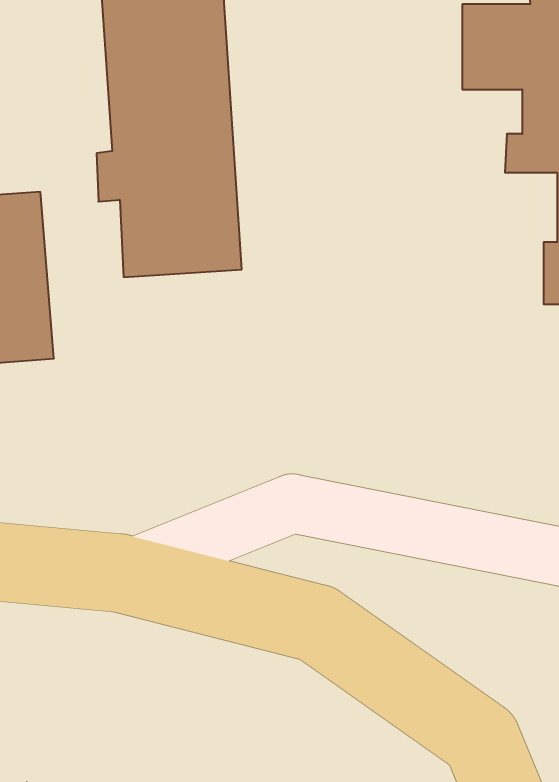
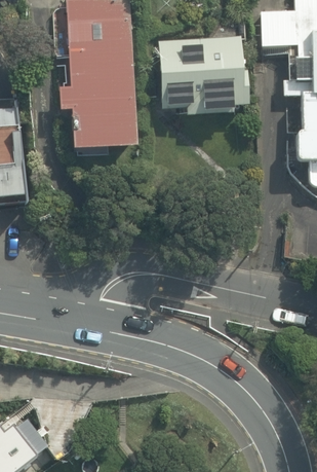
building: none -> [156,38,249,116]

